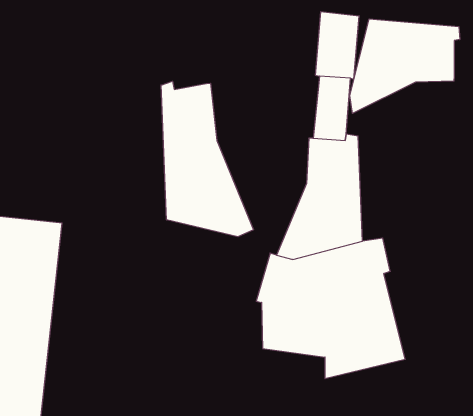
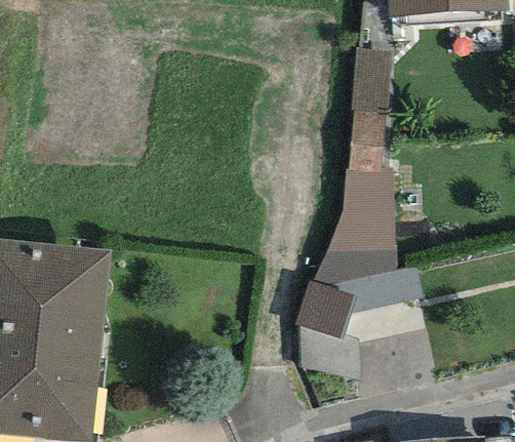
building: [350,19,460,113] -> none
building: [161,81,254,237] -> none

